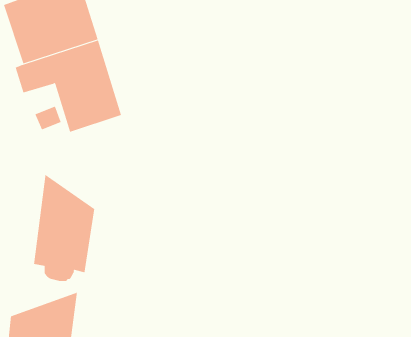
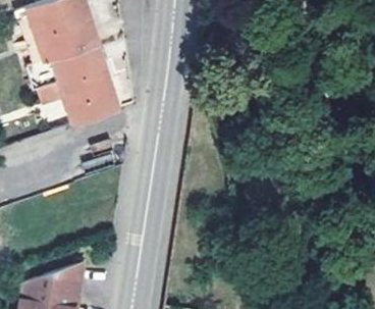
building: [33,174,95,282] -> none

